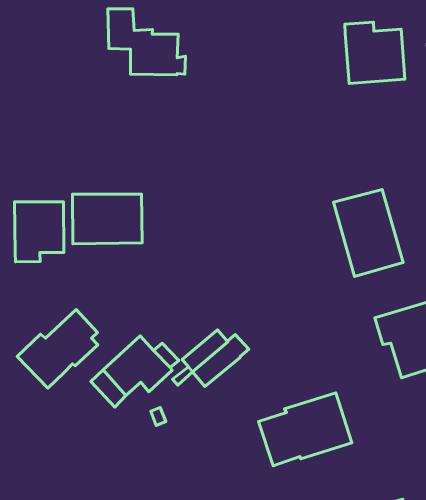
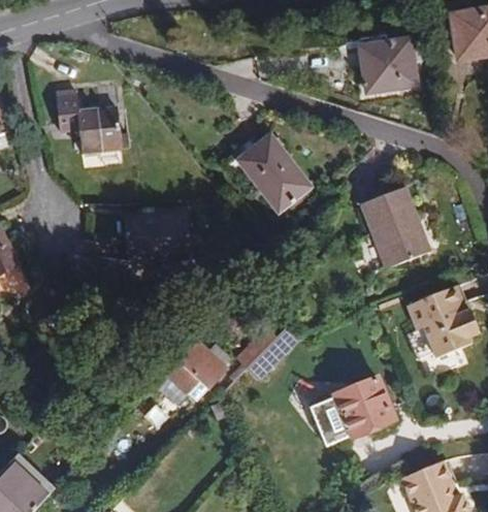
building: [108,9,185,75] -> [55,92,130,152]
building: none -> [223,133,313,212]
building: [15,202,64,262] -> none
building: [17,309,98,388] -> none

